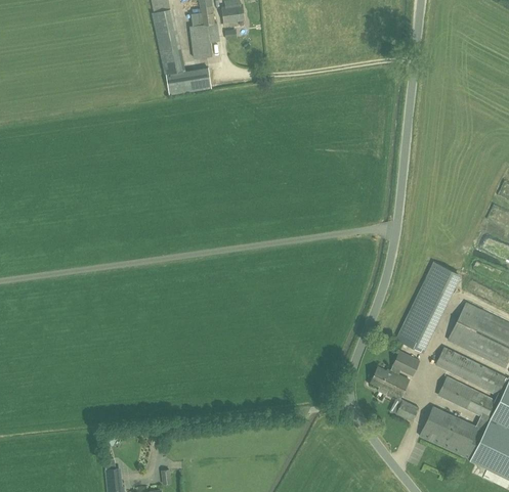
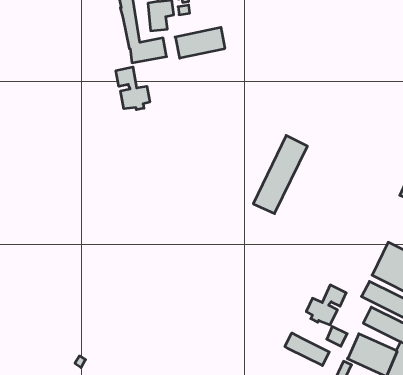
building: none -> [175,27,225,58]
building: none -> [116,67,150,110]
building: [396,261,459,351] -> [253,135,307,214]
building: none -> [285,333,329,366]

